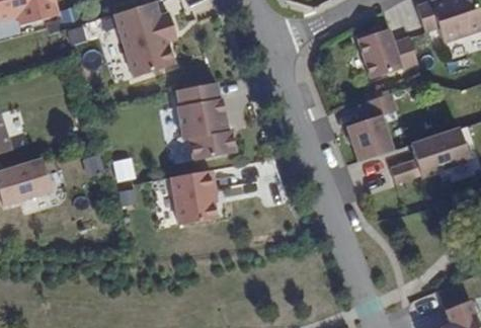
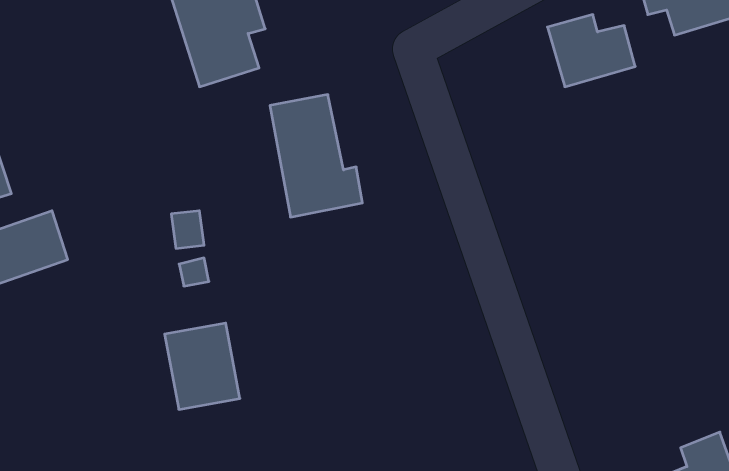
building: [347,94,395,160] -> none
building: [389,130,468,184] -> none
building: [171,169,220,225] -> [165,323,240,409]

